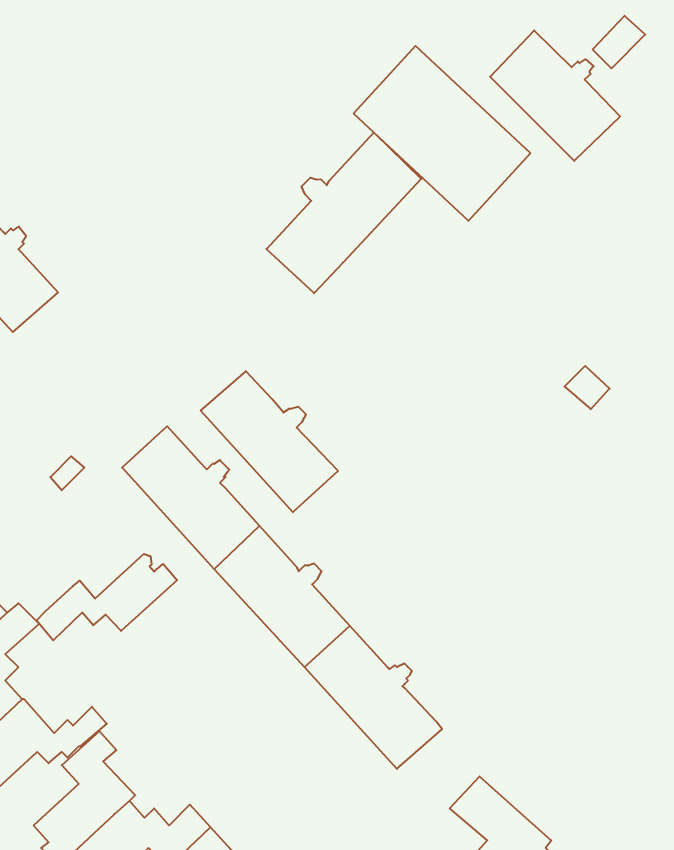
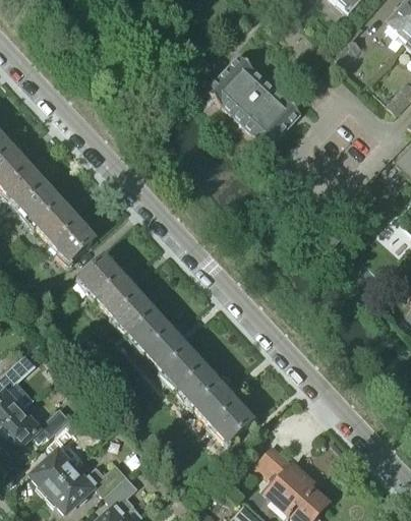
building: [490,30,620,161] -> none
building: [266,133,421,293] -> none
building: [201,371,338,512] -> [20,186,95,263]
building: [36,554,177,640] -> none

